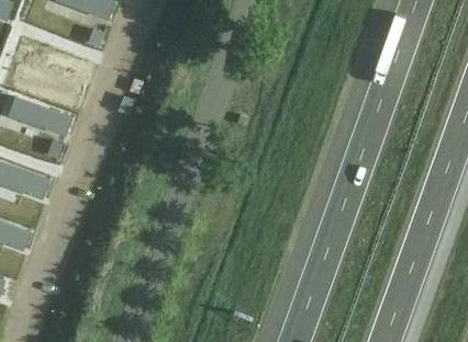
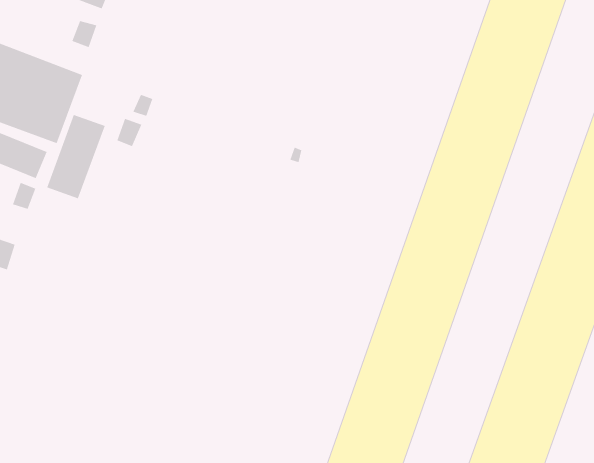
building: none -> [46,114,105,199]

